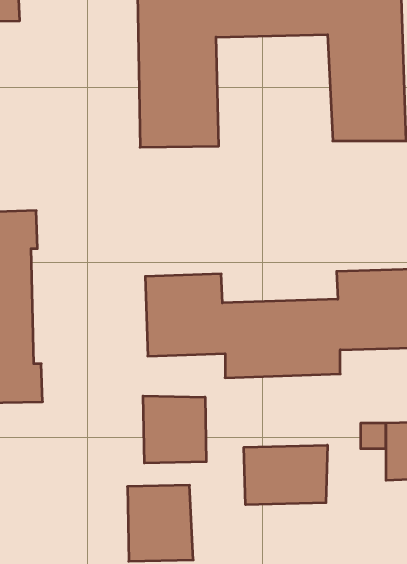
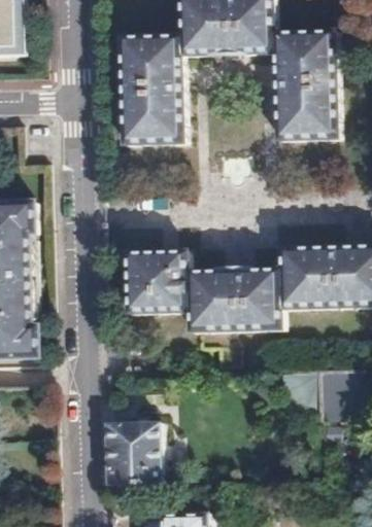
building: [143,396,206,463] -> none
building: [244,445,327,505] -> none

